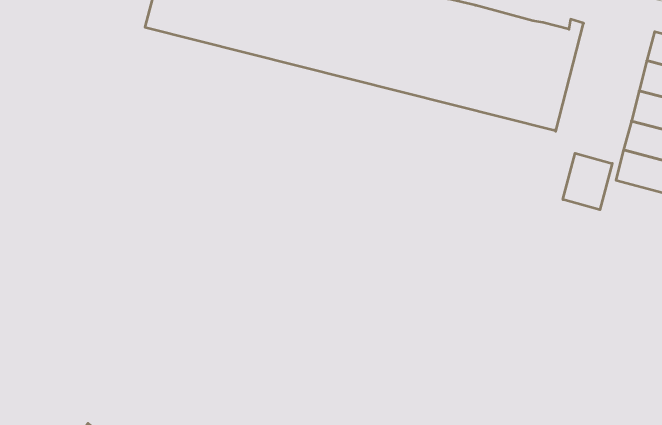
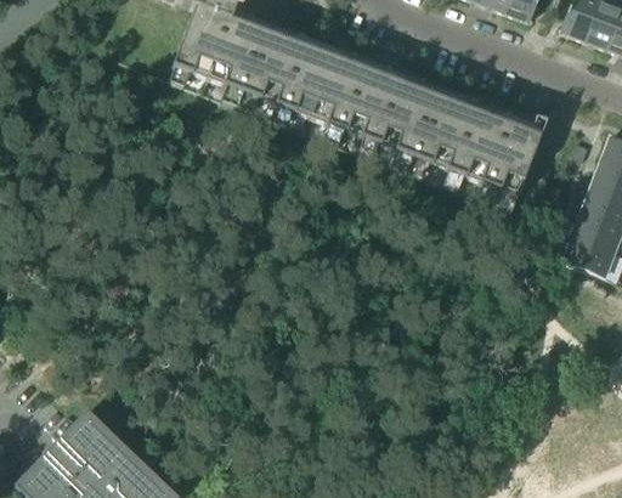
building: [563,153,612,210] -> none

